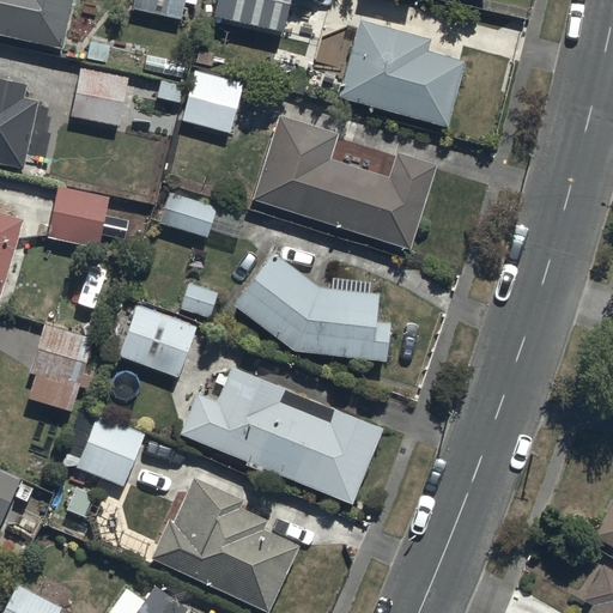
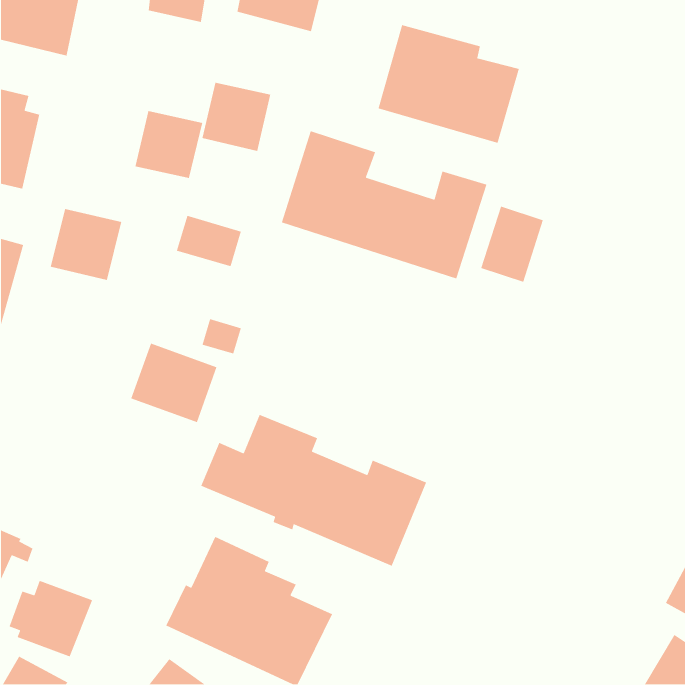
building: [69,67,131,128] -> [135,110,203,179]
building: none -> [480,206,544,283]
building: [232,253,392,363] -> none
building: [29,324,92,413] -> none
building: [68,414,144,484] -> [8,580,93,658]

